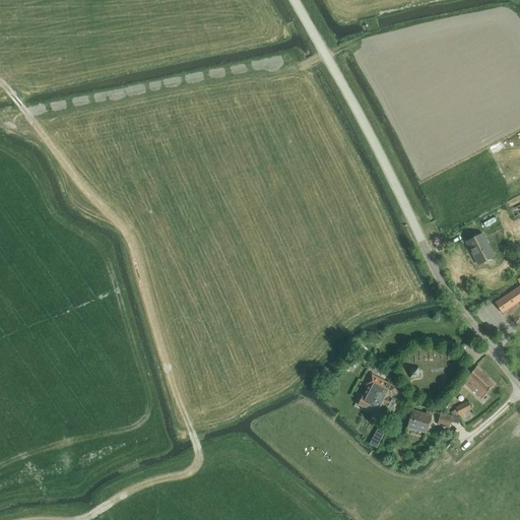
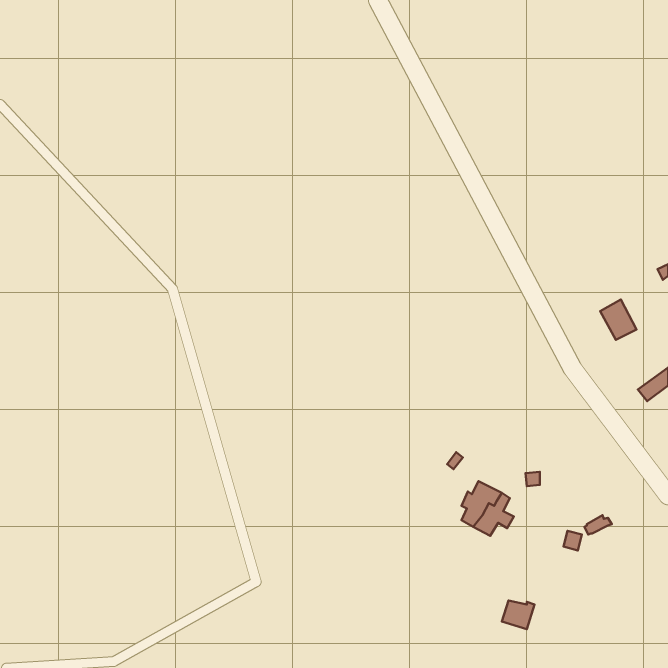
building: [463,367,495,398] -> none
building: [407,410,433,433] -> [502,601,535,629]

